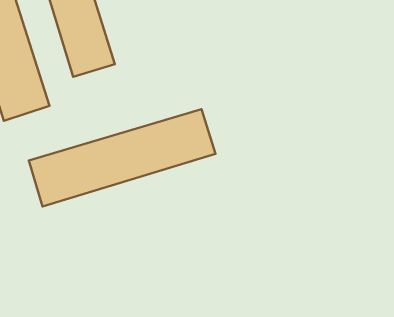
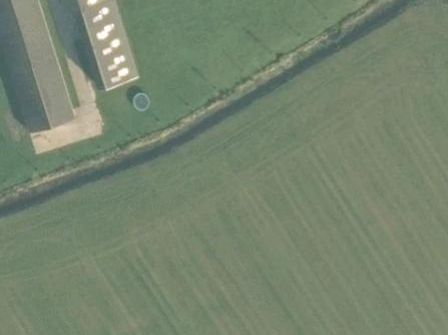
building: [29,109,216,207] -> none

